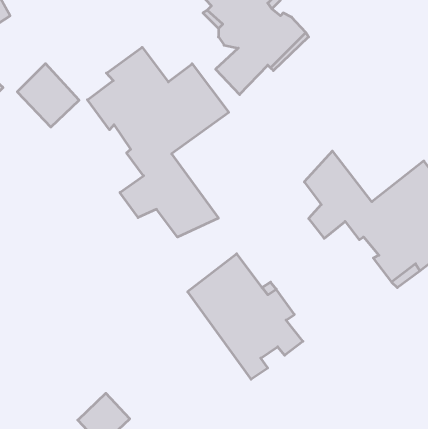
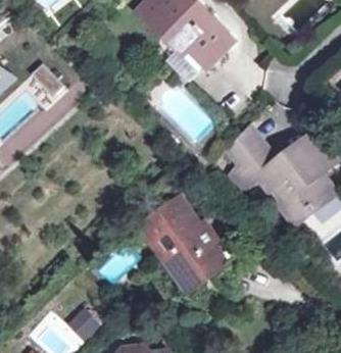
building: [87,47,229,237] -> none

